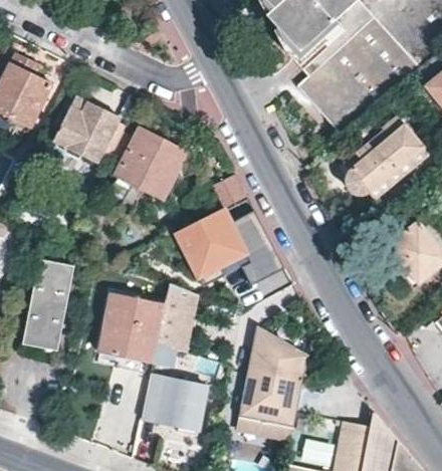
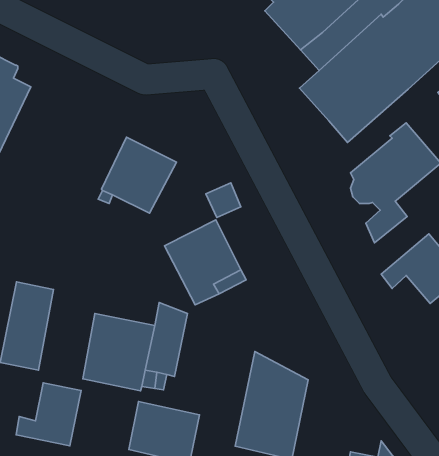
building: [53,101,119,162] -> none
building: none -> [16,383,81,446]

